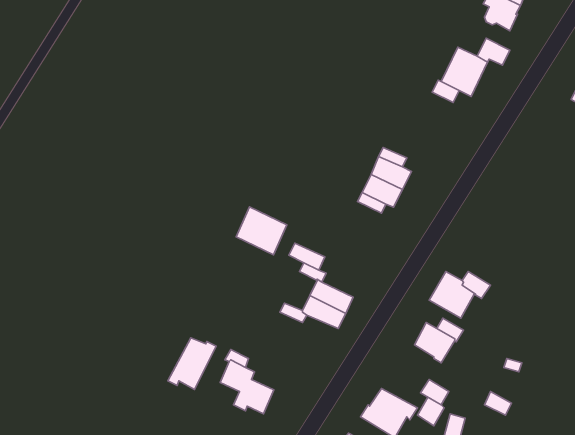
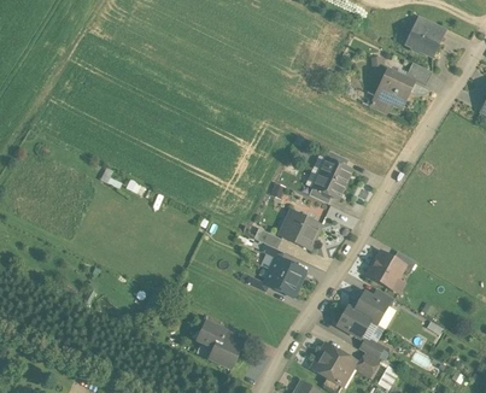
building: [236,207,287,255] -> [280,210,321,248]
building: [168,338,216,390] -> none
building: none -> [338,305,370,336]

